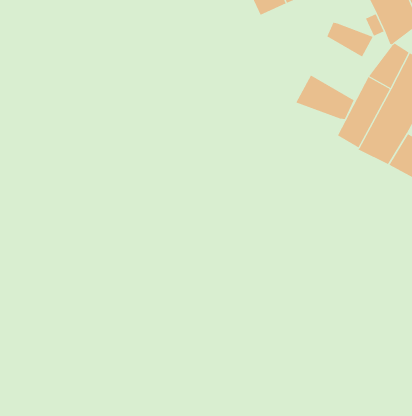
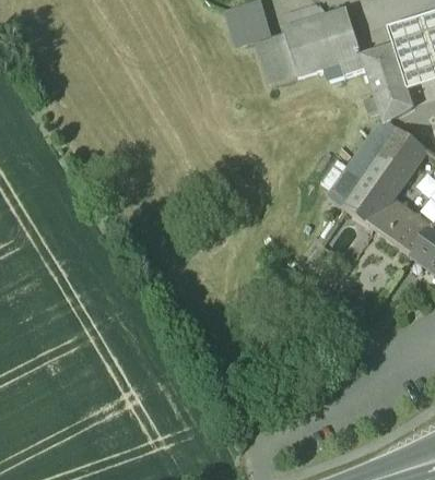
building: [327,22,374,57] -> none
building: [295,74,354,120] -> none

